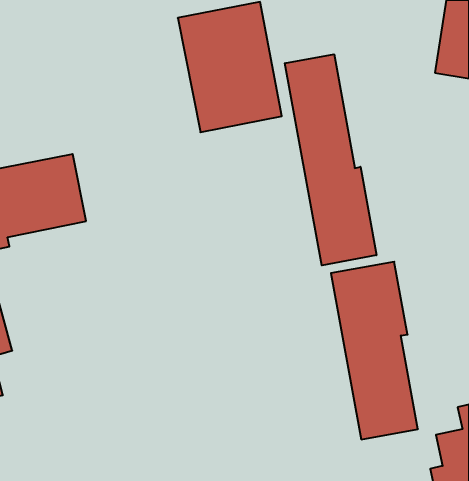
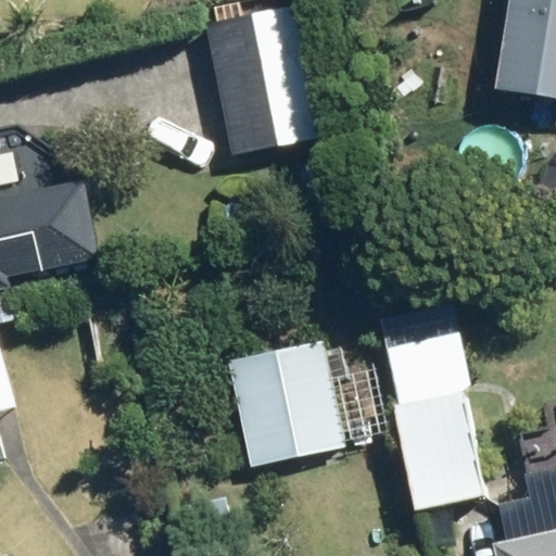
building: [285,54,376,265] -> none
building: none -> [231,343,370,464]

